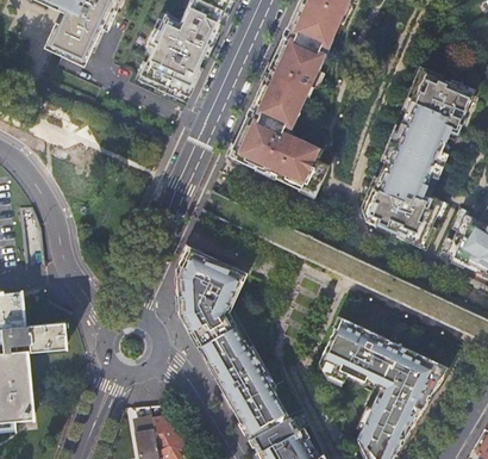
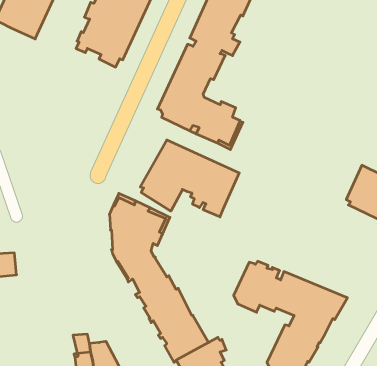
building: [364,74,471,243] -> none
building: none -> [140,140,239,217]

